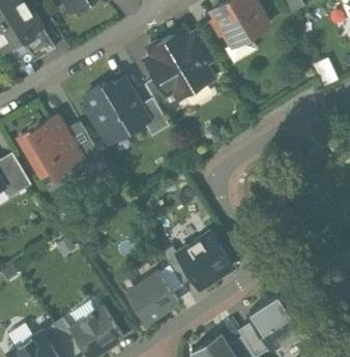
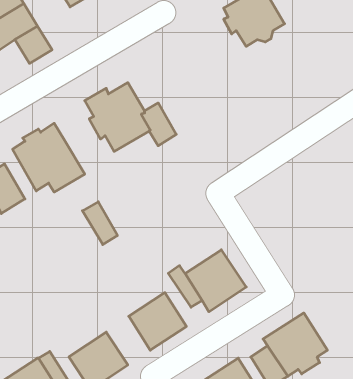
building: [147,29,214,96] -> none
building: [65,123,97,162] -> [82,202,117,245]

